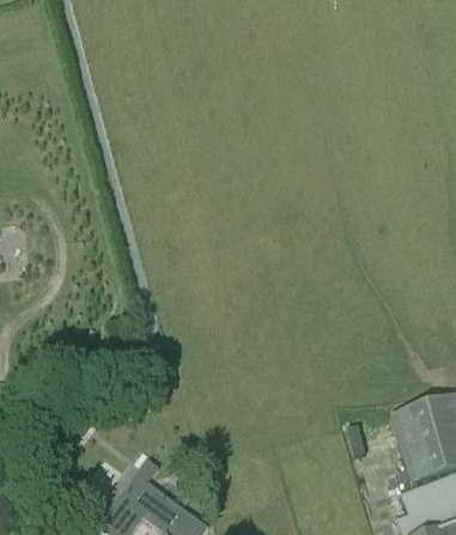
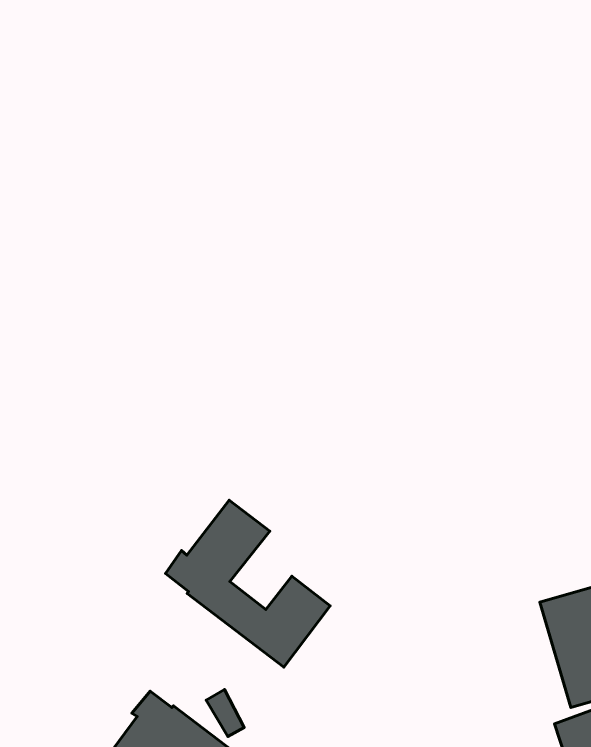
building: none -> [166,500,330,667]

